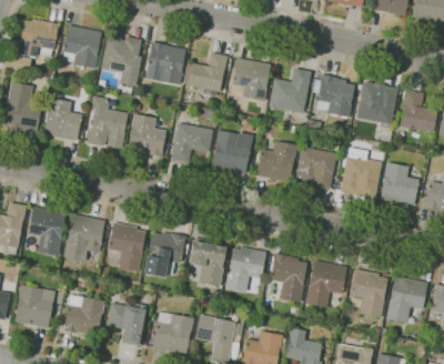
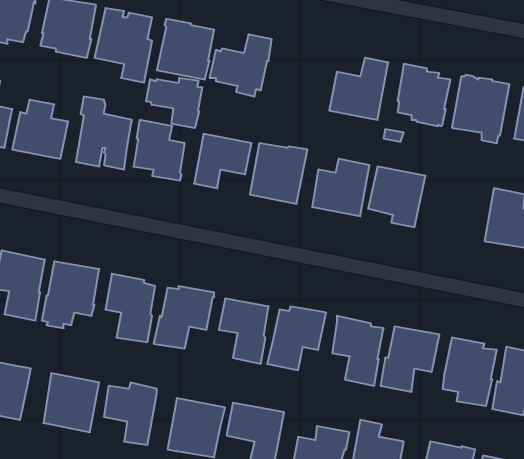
building: [232,58,271,101] -> none
building: none -> [146,78,202,128]
building: [340,146,382,199] -> none

